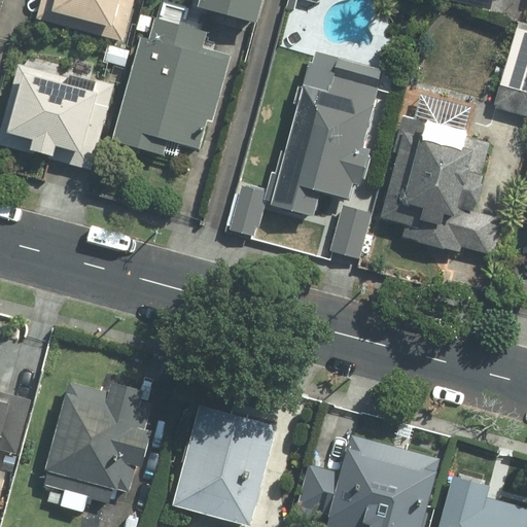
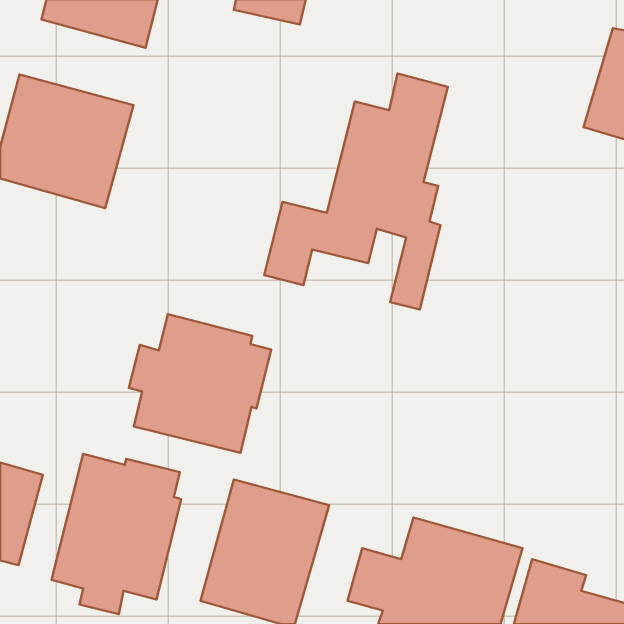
building: [110,17,229,164] -> none
building: [376,87,500,254] -> none
building: none -> [129,314,271,453]

